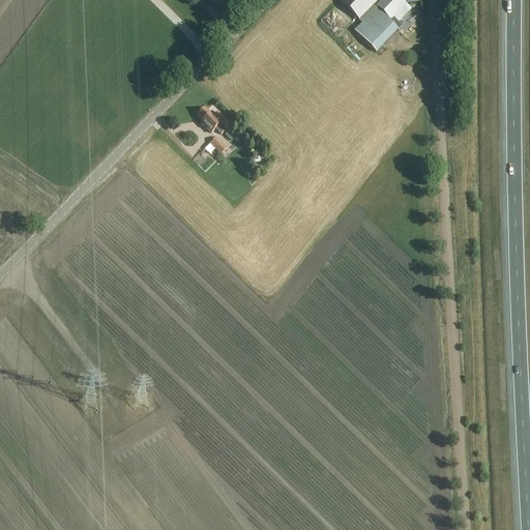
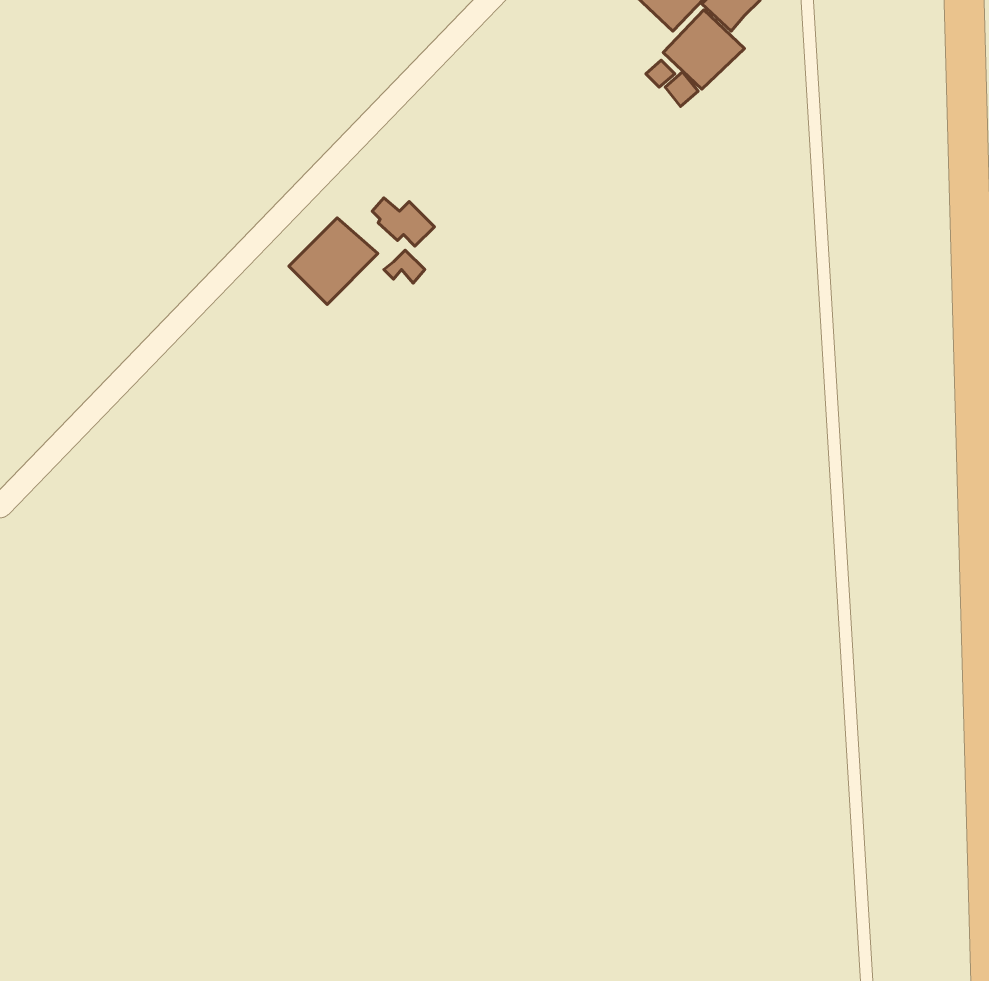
building: none -> [289,218,378,304]

